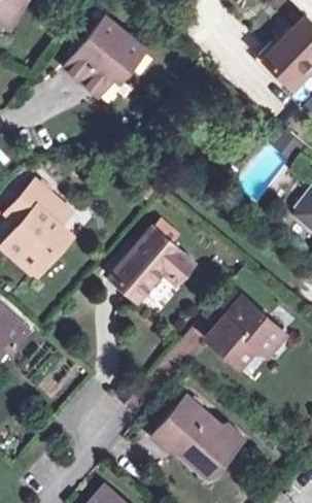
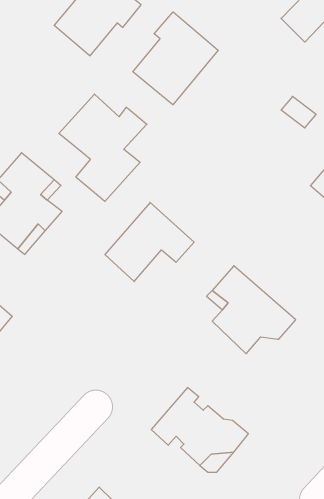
building: none -> [133,12,218,105]
building: none -> [59,94,147,201]

